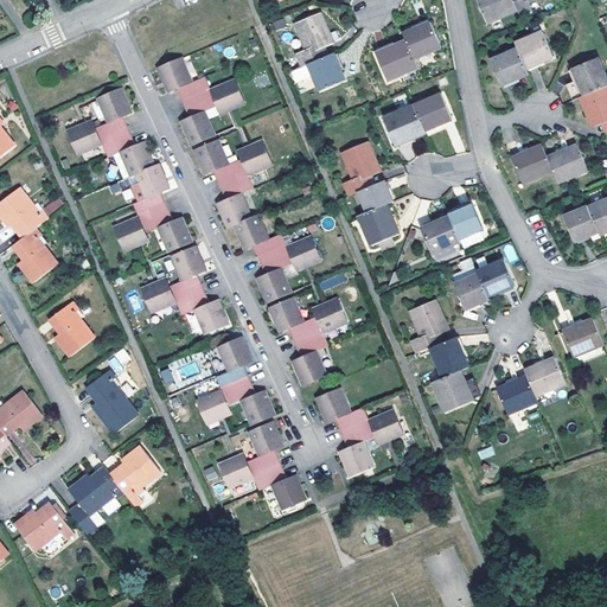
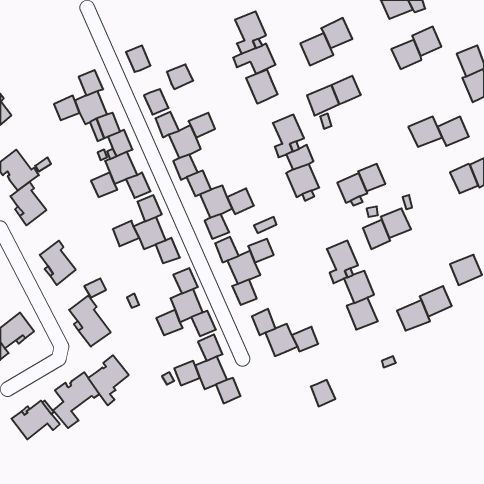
building: [175,76,215,116] -> none
building: none -> [246,69,278,104]
building: [338,440,369,473] -> [311,380,335,406]

